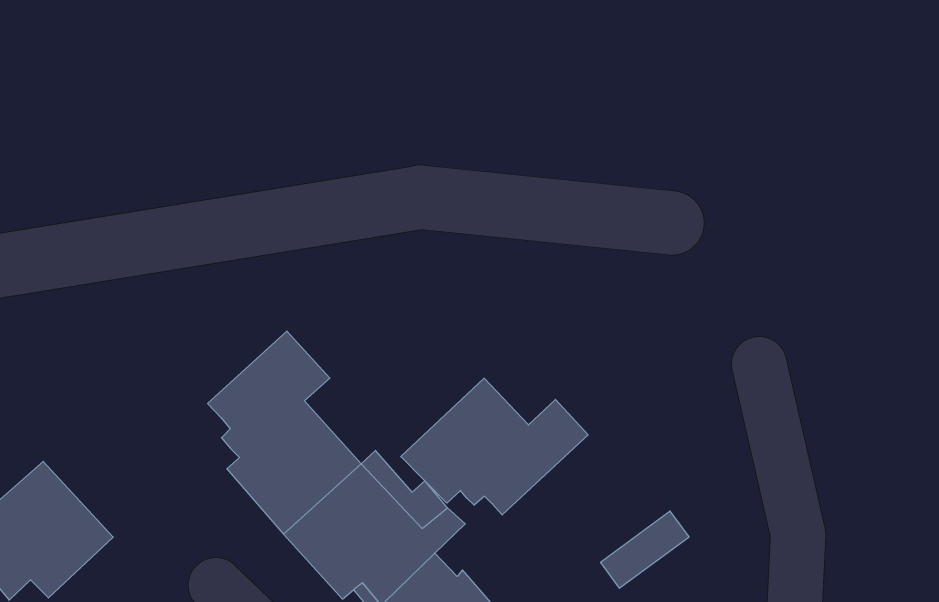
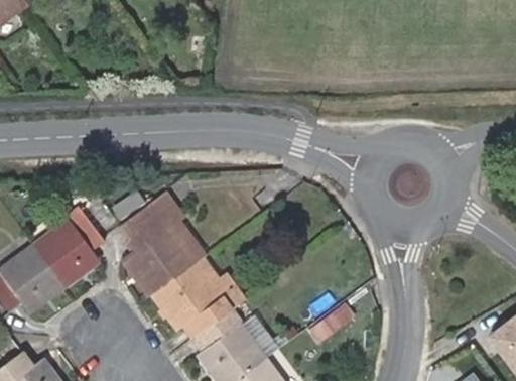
building: [401,378,588,515] -> none
building: none -> [33,208,105,285]

